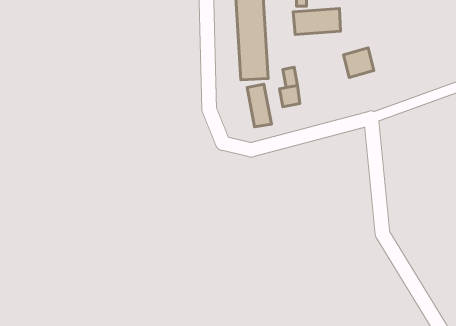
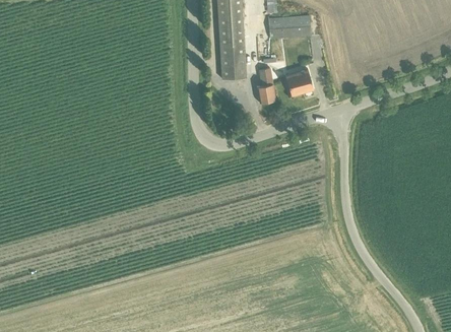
building: [343,48,374,77] -> [284,69,312,95]
building: [247,84,271,127] -> none

